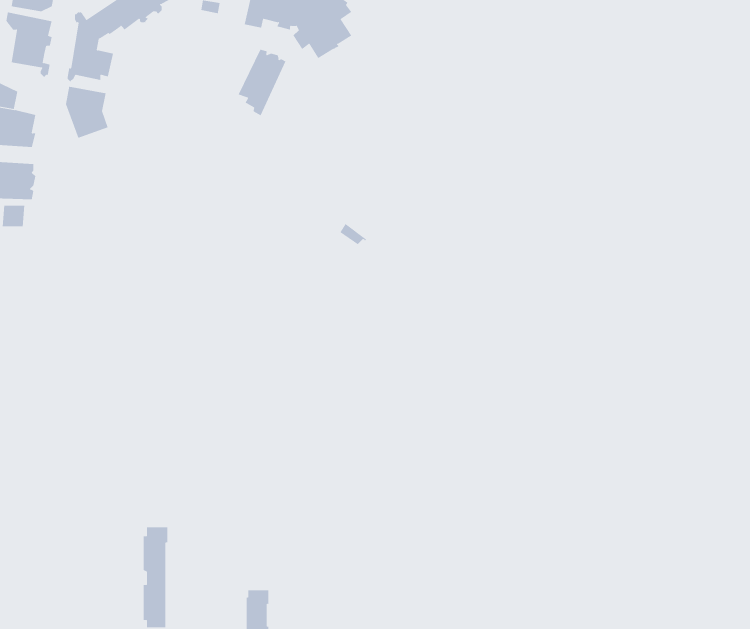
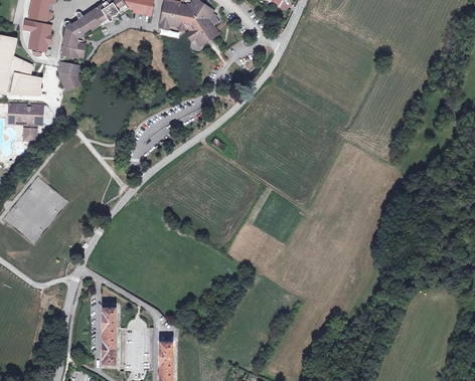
building: [238,49,286,116] -> none

